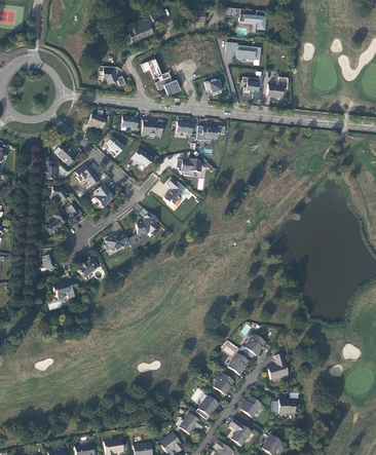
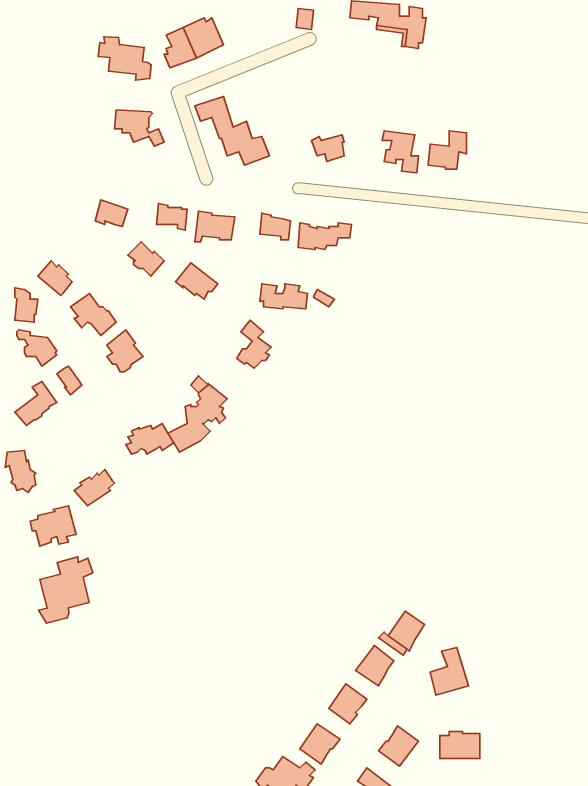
building: none -> [98,37,151,80]
building: [225,41,261,61] -> none
building: none -> [38,557,93,623]

